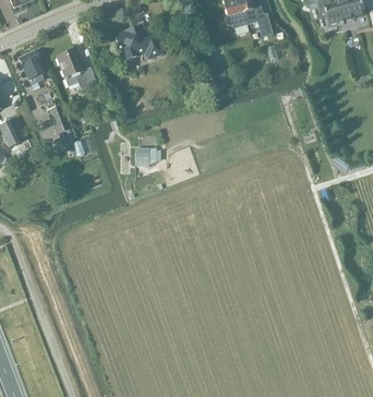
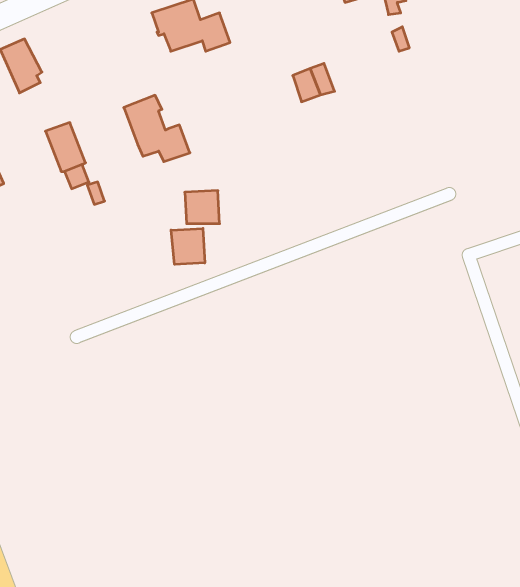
building: [56,48,97,89] -> [124,95,190,162]
building: none -> [171,228,205,264]

